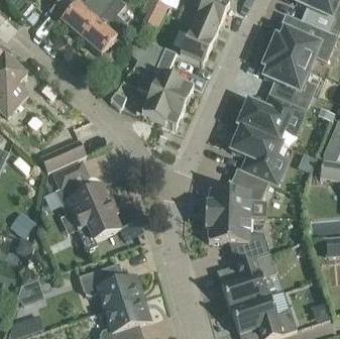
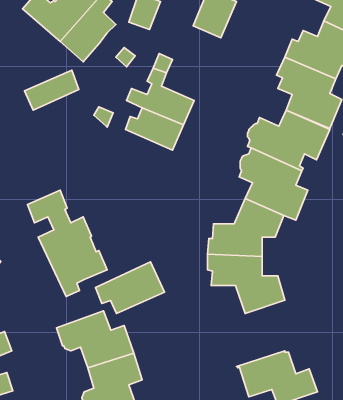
building: [180,23,216,64] -> none
building: [40,138,86,172] -> [25,70,79,110]
building: none -> [96,262,164,313]
building: [221,252,276,308] -> none

